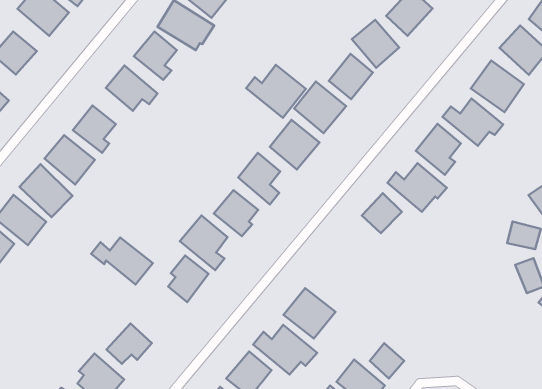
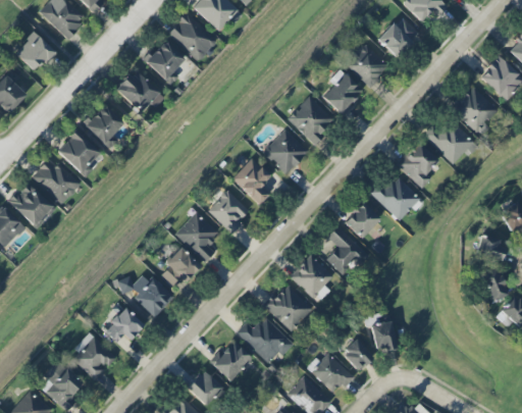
building: [246,65,306,118] -> none
building: none -> [326,225,366,276]
building: [91,237,153,284] -> [117,272,173,316]
building: none -> [291,255,334,303]
building: none -> [372,322,396,353]

